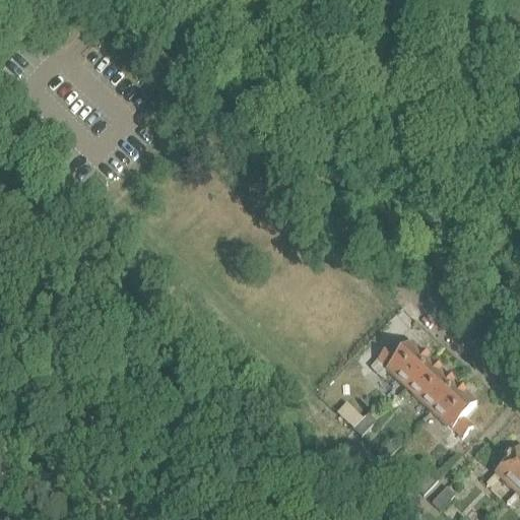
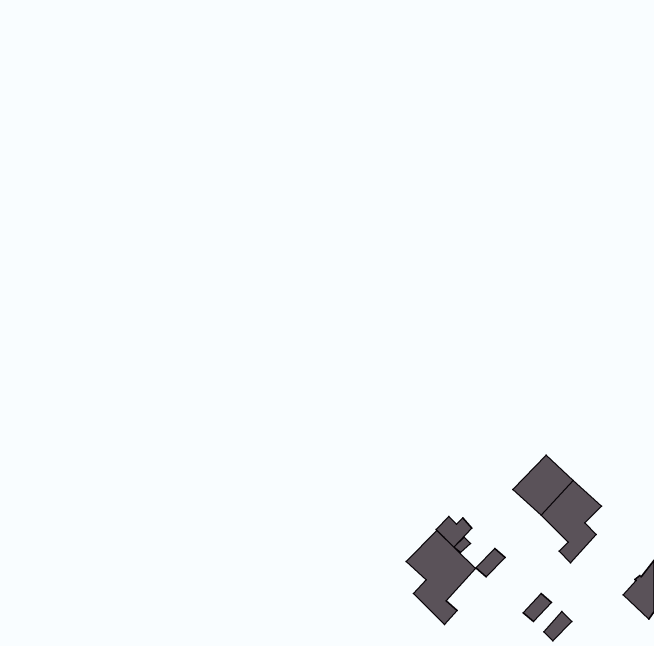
building: [378,340,433,388] -> none
building: none -> [406,531,476,624]

